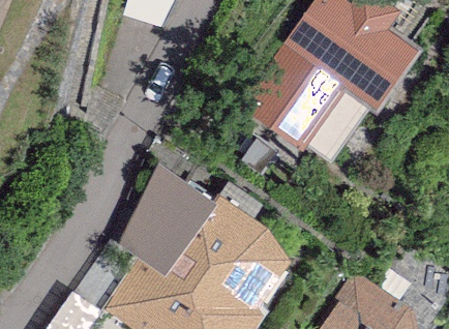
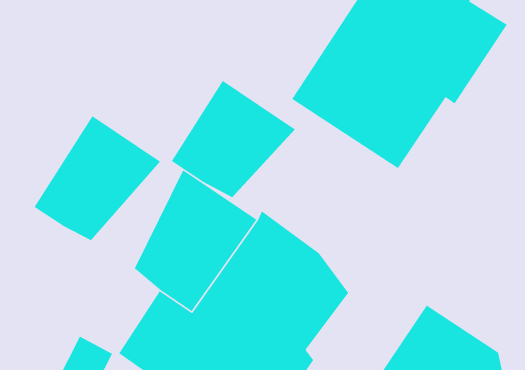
building: none -> [171,80,296,198]
building: none -> [33,115,161,241]

